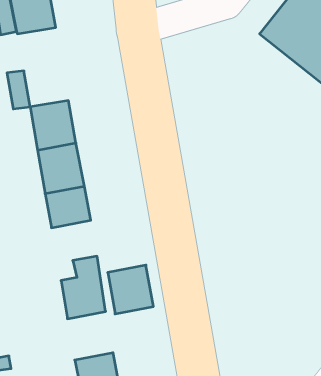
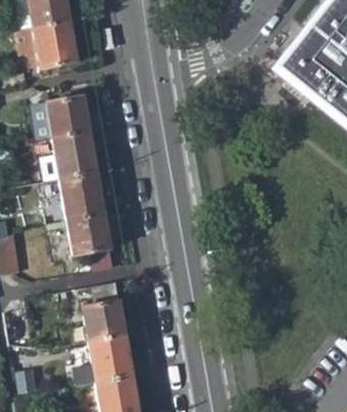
building: none -> [48,98,92,141]
building: [108,265,153,314] -> [91,338,135,385]

